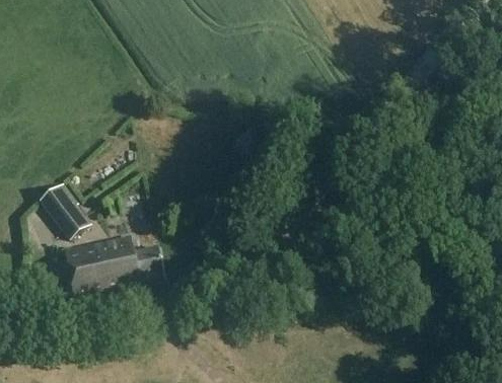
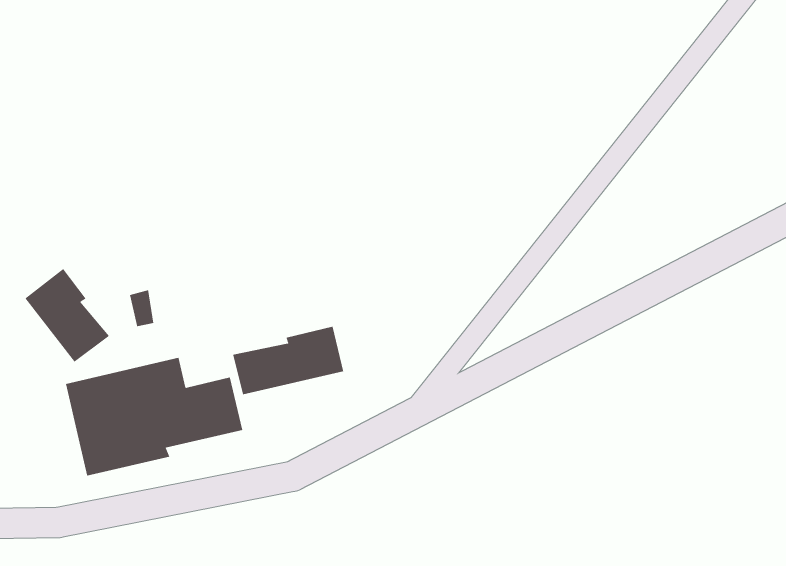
building: none -> [232,326,344,395]

